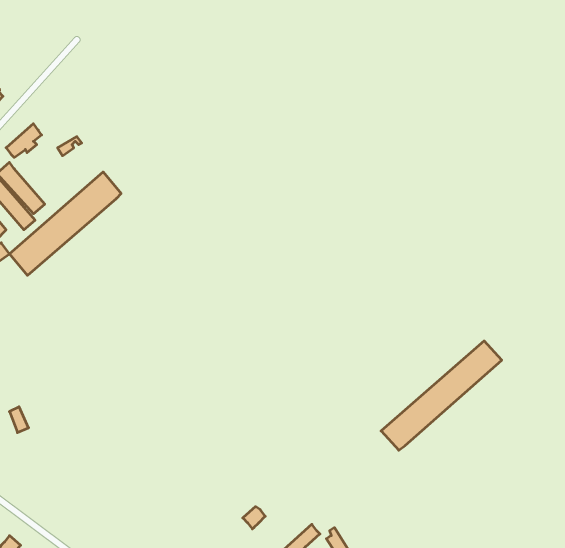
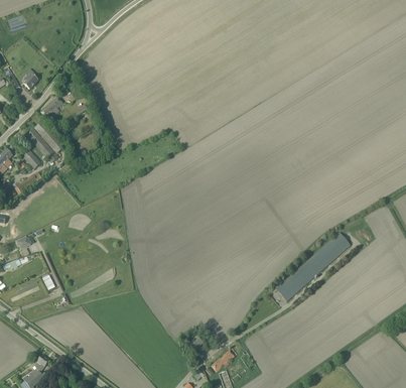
building: [9,172,121,275] -> none

